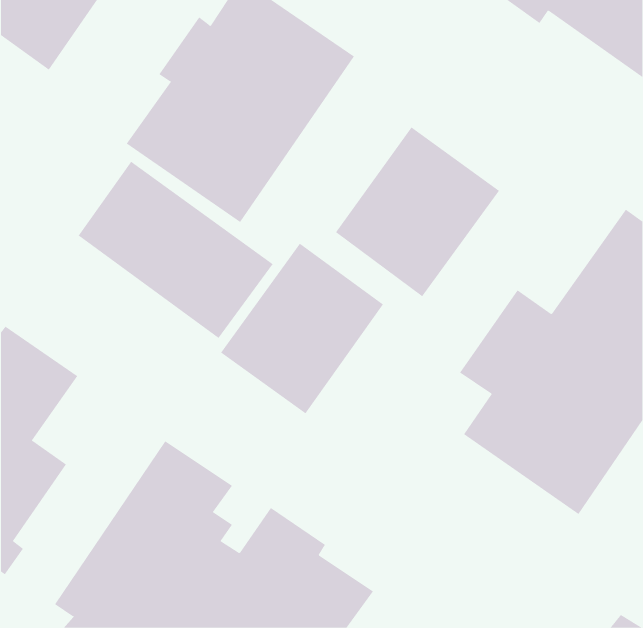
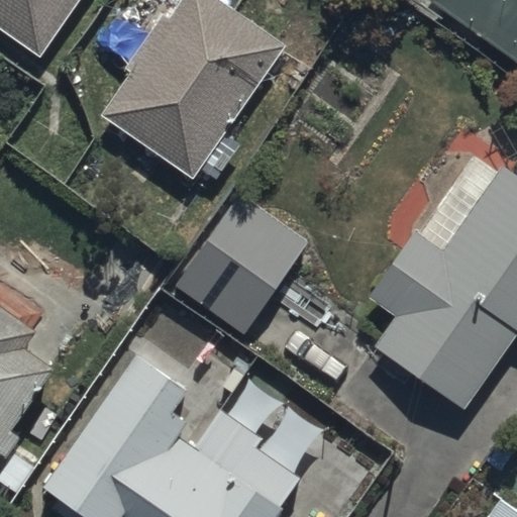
building: [335,126,500,297] -> none
building: [78,161,273,339] -> none

